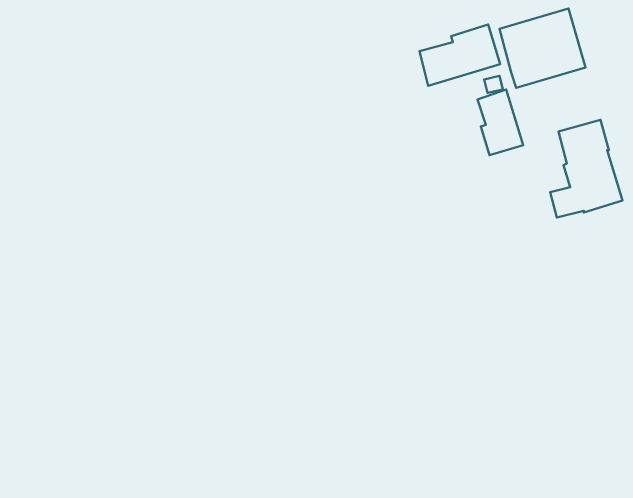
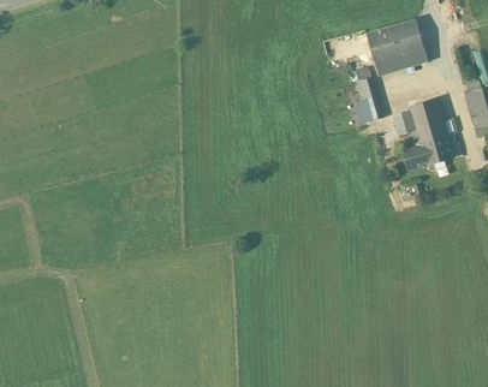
building: [420,25,500,86] -> none

